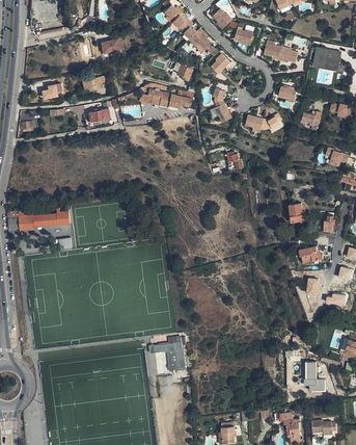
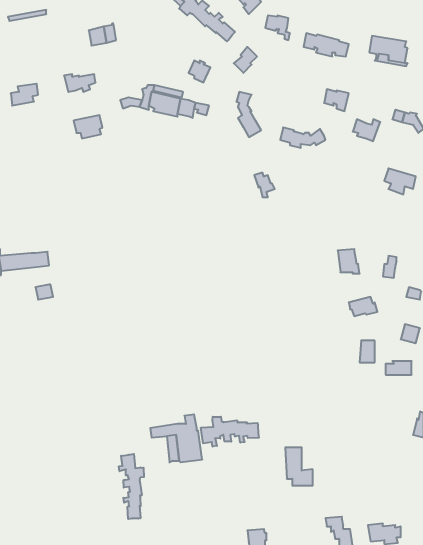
building: none -> [201,417,259,447]
building: [304,362,325,391] -> [285,447,313,486]
building: none -> [119,454,144,519]

